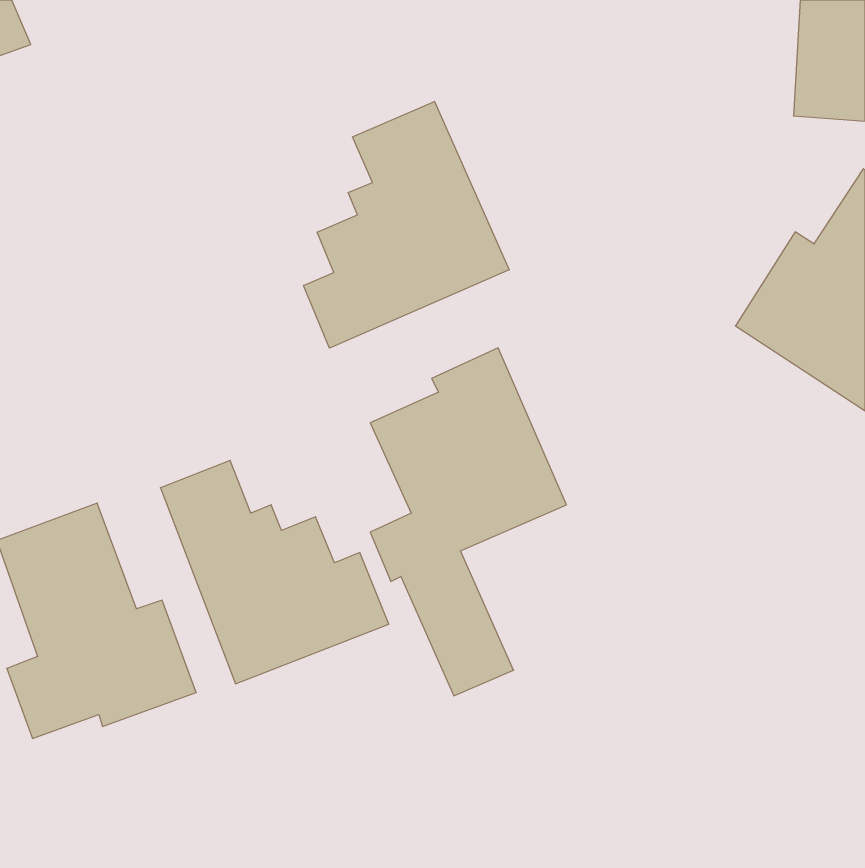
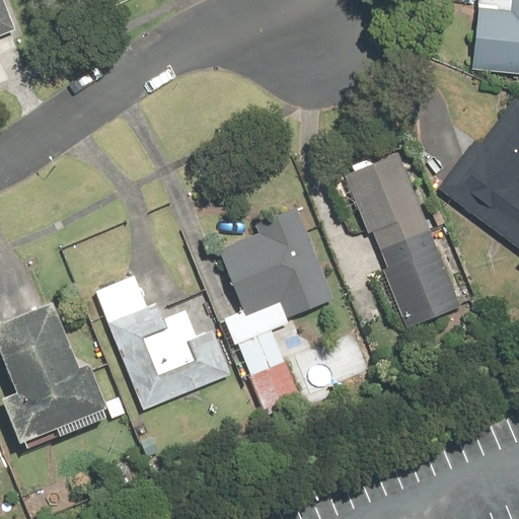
building: [304,101,509,348] -> none
building: none -> [347,152,461,331]

